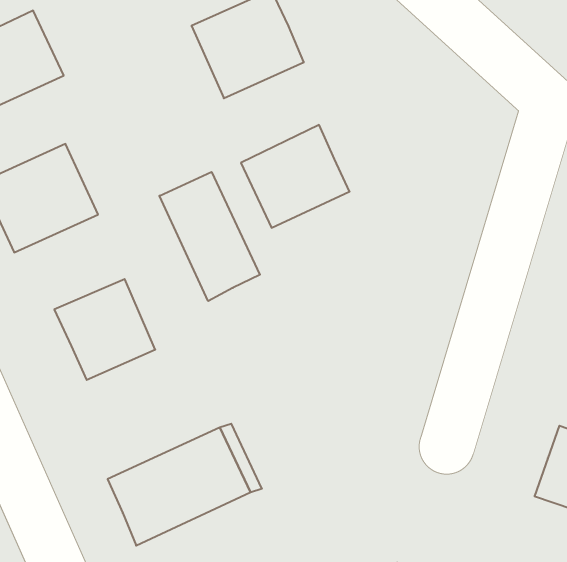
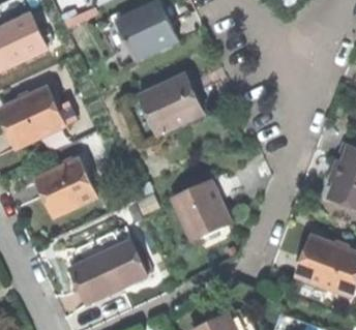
building: [159,172,260,301] -> none
building: none -> [170,179,226,234]

